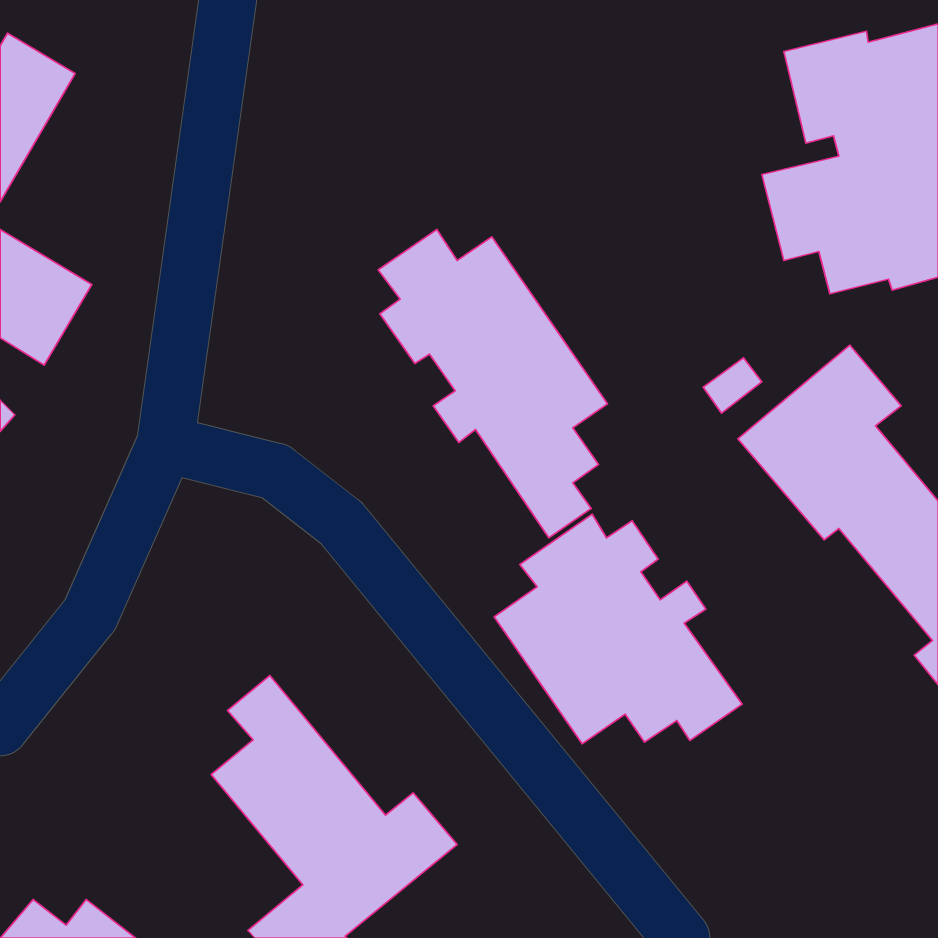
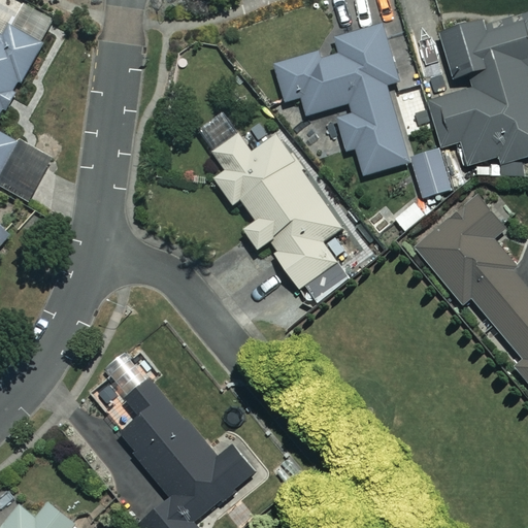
building: none -> [275,24,454,199]
building: [494,514,742,744] -> none

